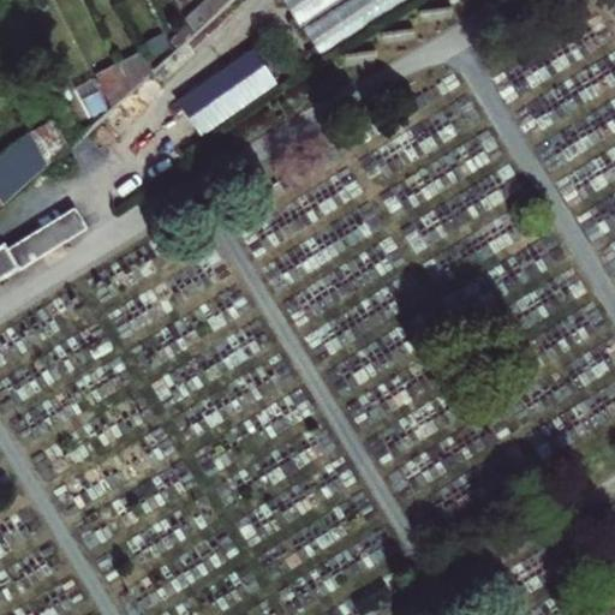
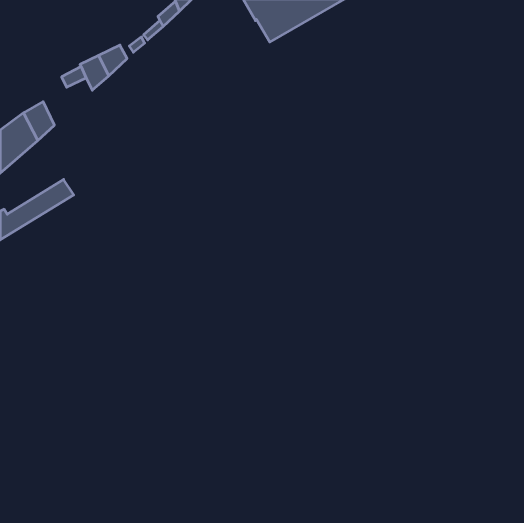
building: [175,49,270,133] -> none

